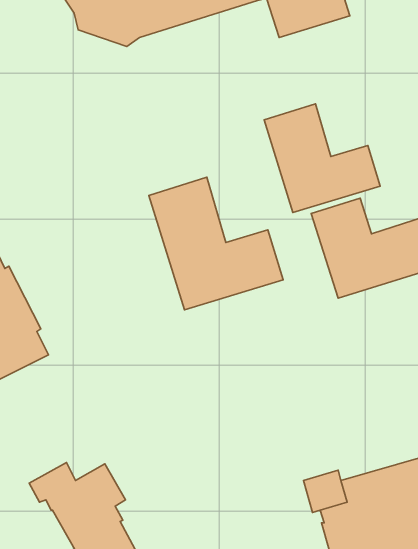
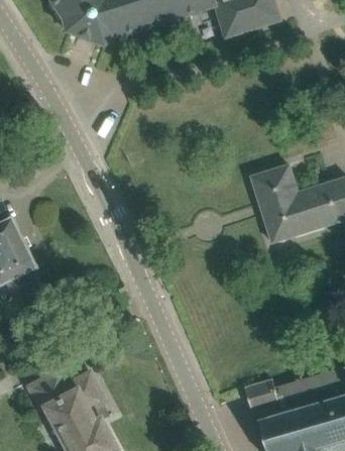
building: [264,104,380,213] -> none
building: [149,177,283,310] -> none

